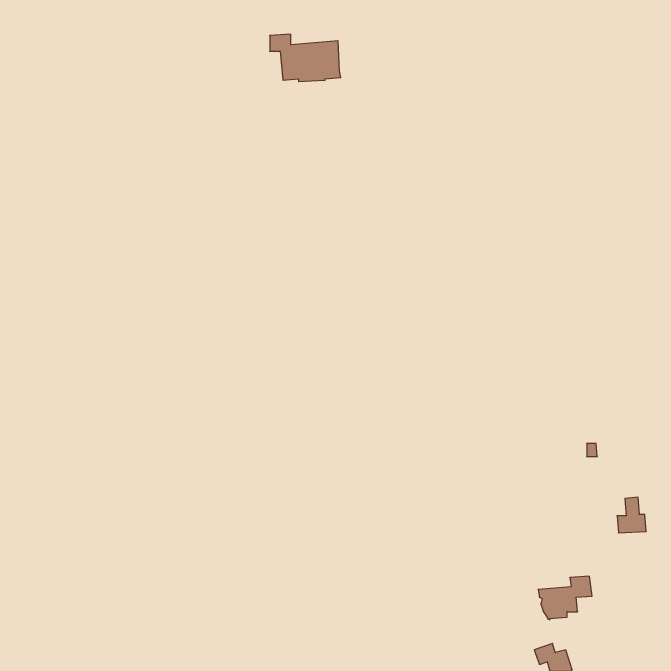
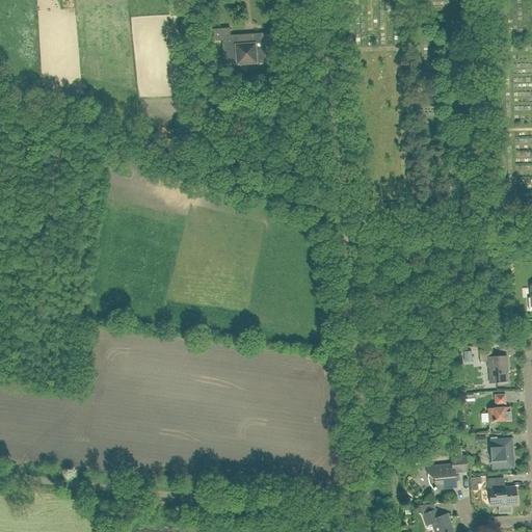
building: none -> [479,349,508,382]
building: none -> [490,437,514,469]
building: none -> [487,477,516,512]

